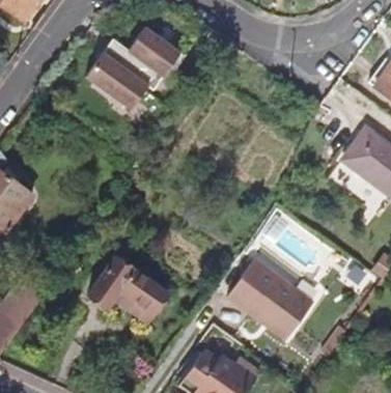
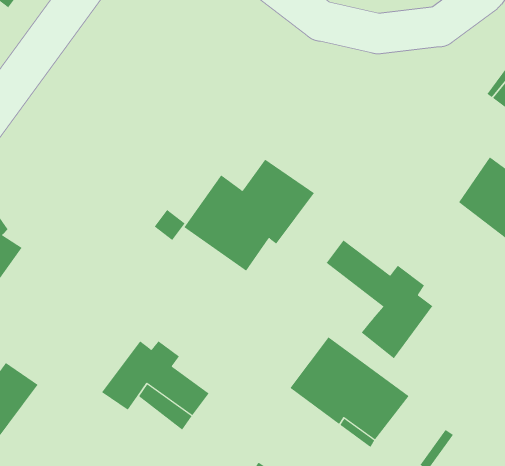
building: [85,27,180,109] -> [184,159,315,272]
building: none -> [326,239,433,359]

